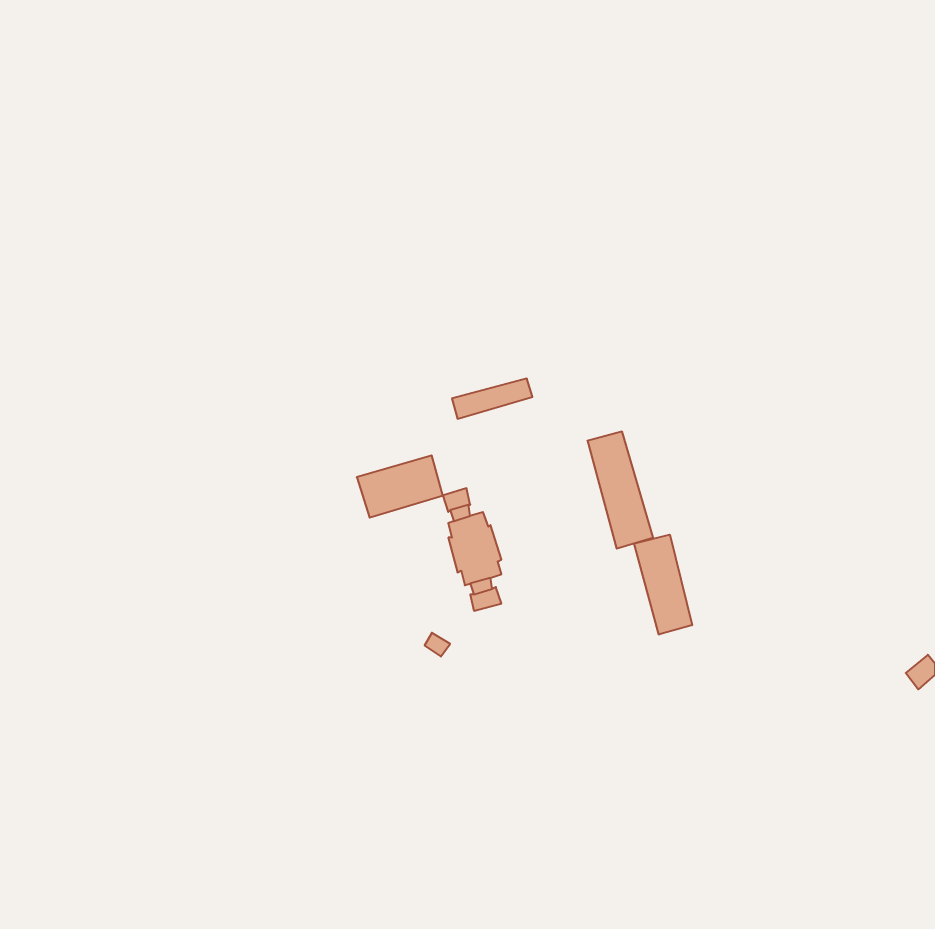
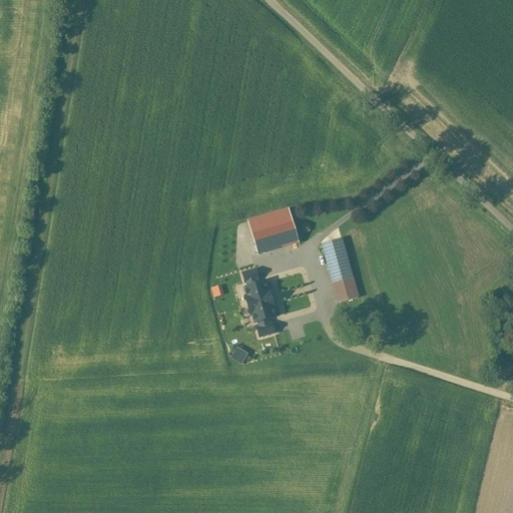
building: [357,455,443,518] -> [250,217,298,251]
building: [634,535,692,635] -> none

